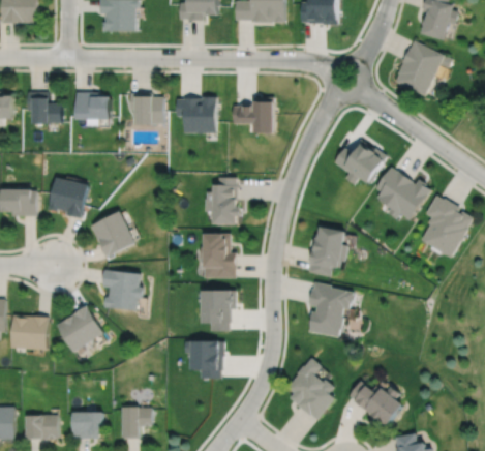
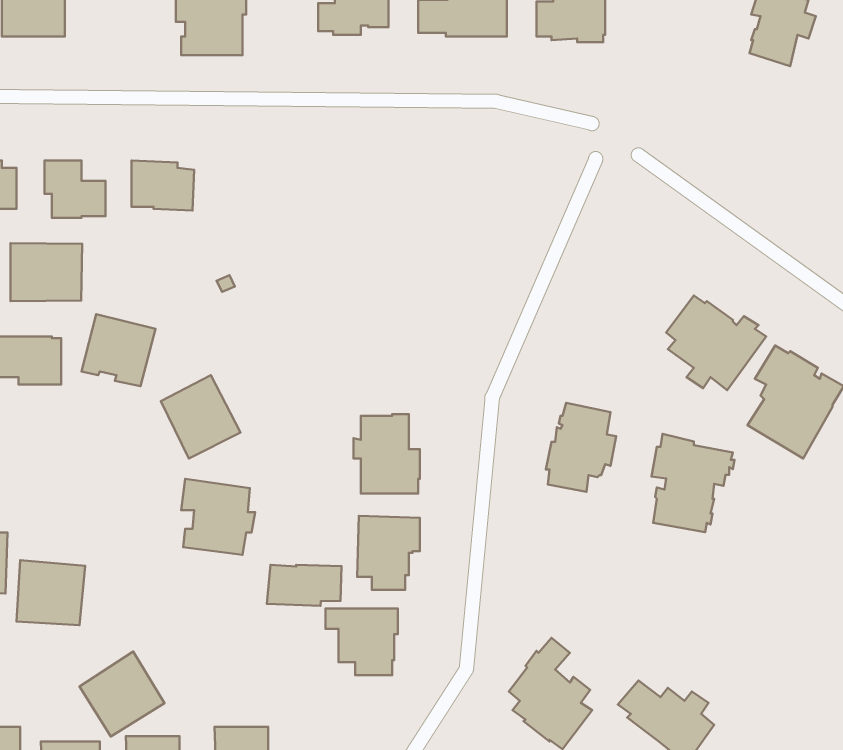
building: [395,39,451,94] -> none
building: [130,92,163,124] -> none
building: [176,96,217,132] -> none
building: [234,96,275,132] -> none
building: none -> [11,243,82,301]
building: [333,139,386,183] -> none
building: [205,177,242,224] -> none
building: [307,281,354,336] -> [651,434,735,532]
building: [57,305,104,353] -> [79,651,165,737]
building: none -> [267,565,341,606]

